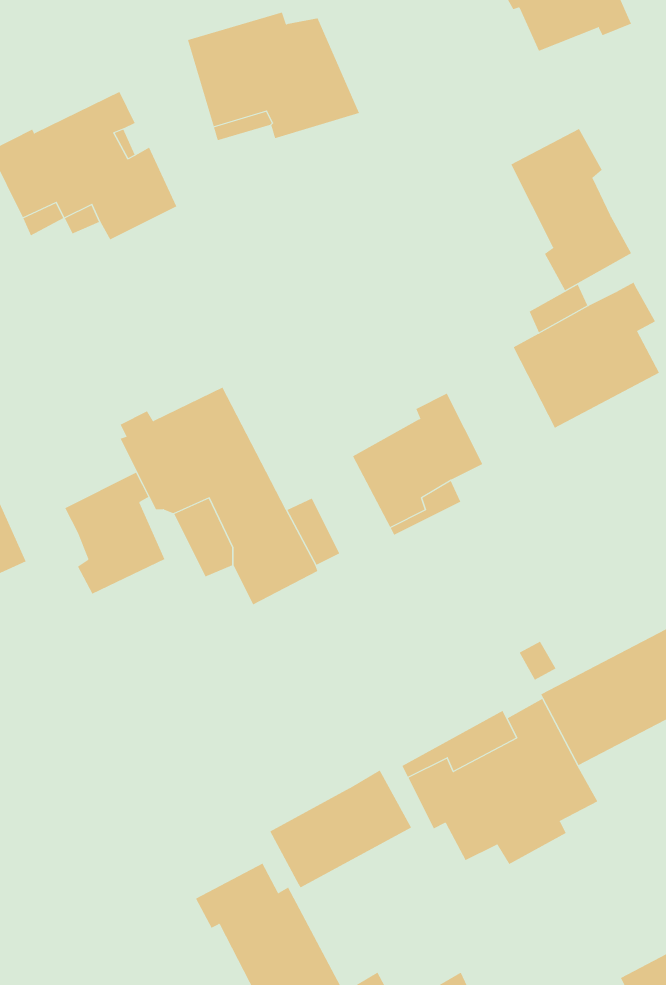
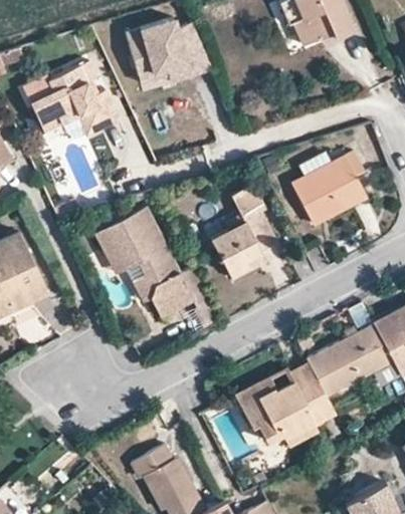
building: [511,128,632,291] -> none
building: [64,472,165,595] -> none
building: [270,770,412,888] -> none

